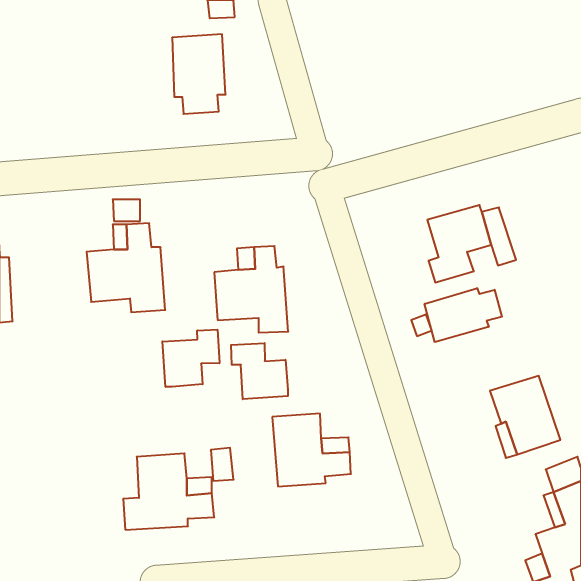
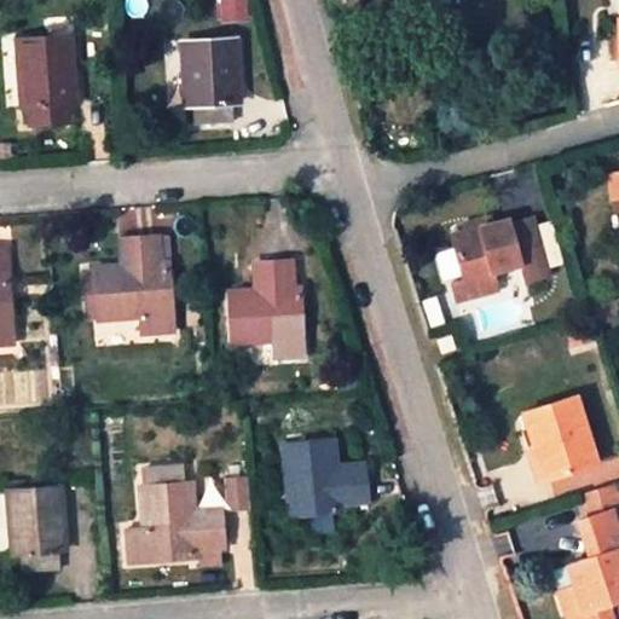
building: none -> [17,36,74,121]
building: [425,288,502,342] -> none
building: [162,330,219,387] -> none
building: [231,343,288,399] -> none
building: none -> [7,487,64,572]

